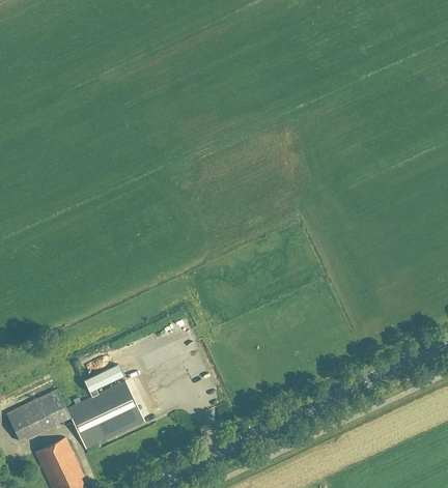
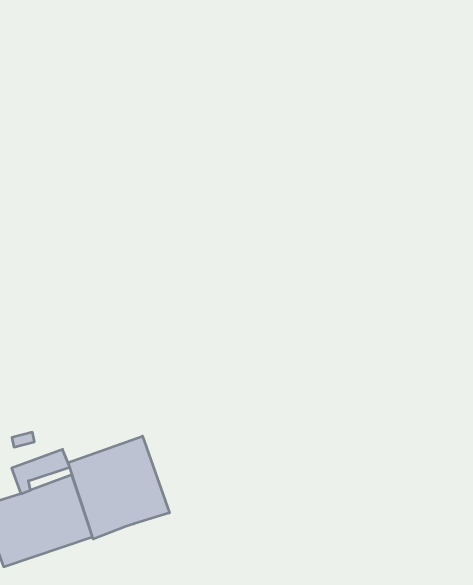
building: none -> [68,436,169,539]

